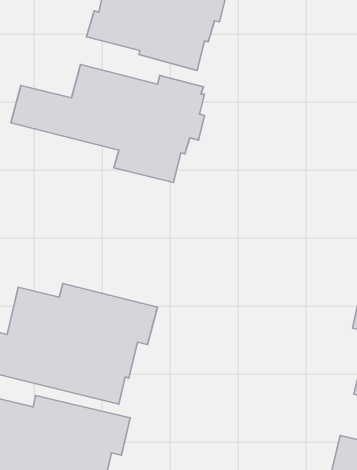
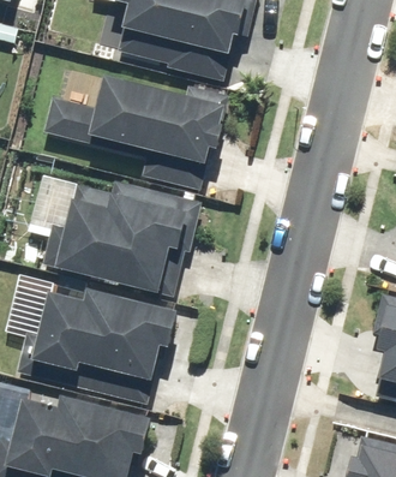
building: none -> [41,183,200,293]

